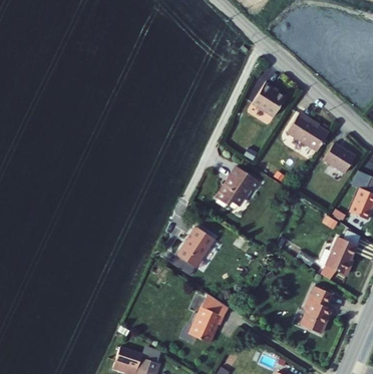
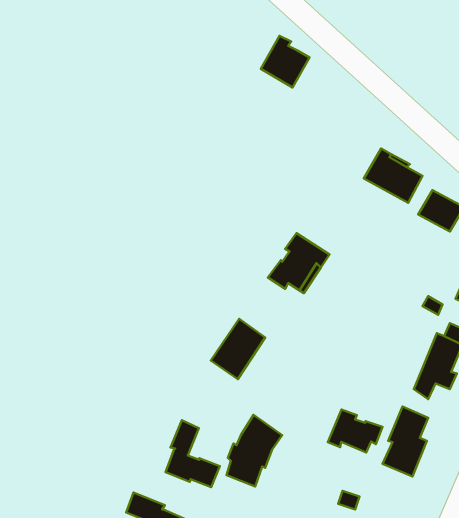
building: [248,79,282,115] -> [261,36,310,87]
building: none -> [328,410,383,453]
building: none -> [166,420,220,487]

